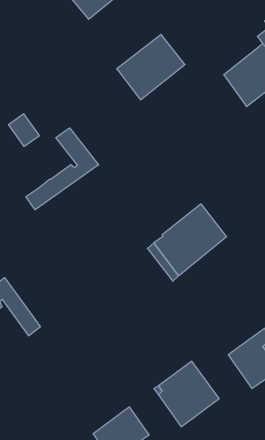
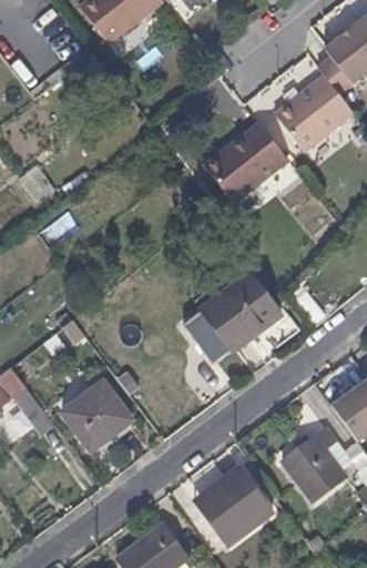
building: [117,34,185,100] -> [206,123,289,203]
building: [26,128,99,210] -> none
building: none -> [61,378,132,448]

